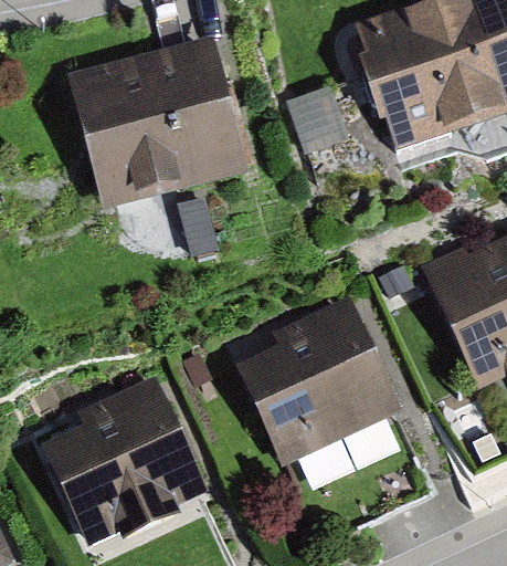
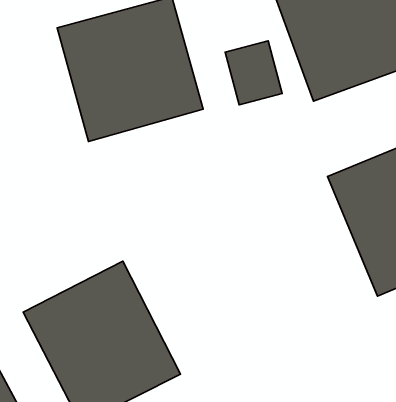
building: [229,306,394,475] -> none

